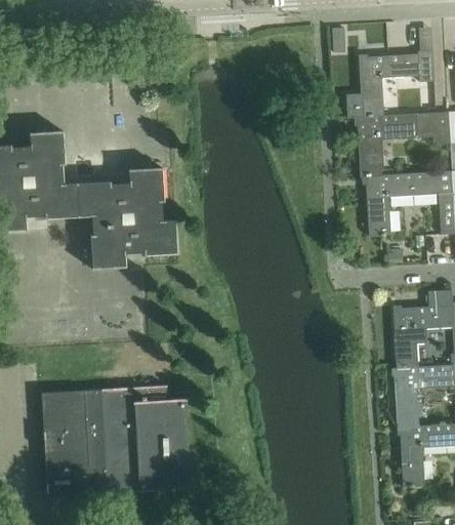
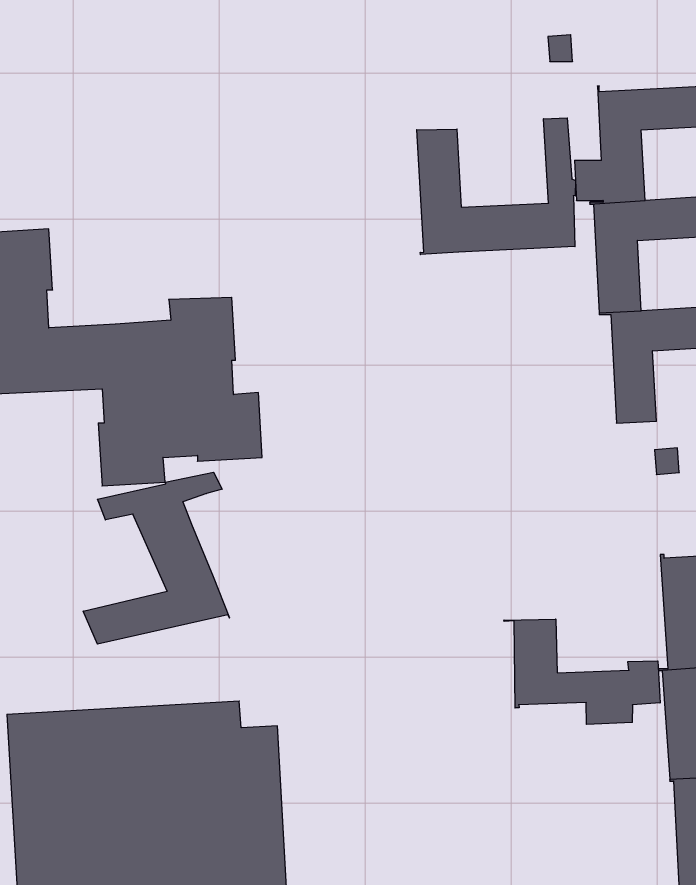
building: none -> [417,118,576,255]
building: none -> [83,472,229,644]
building: none -> [504,619,660,724]

